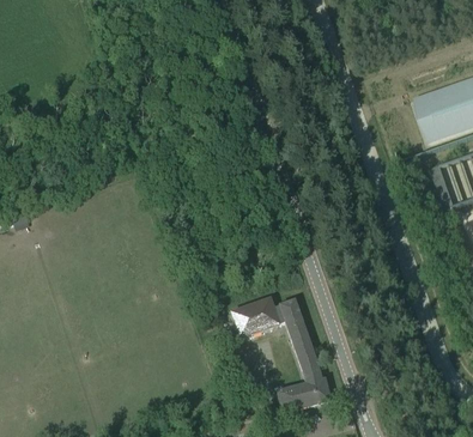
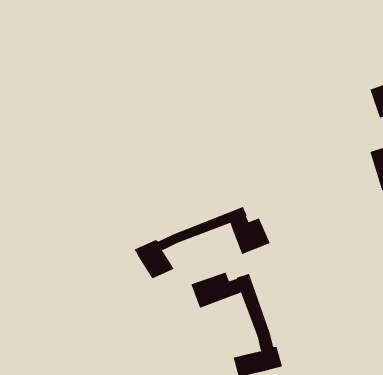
building: none -> [134,206,271,279]

